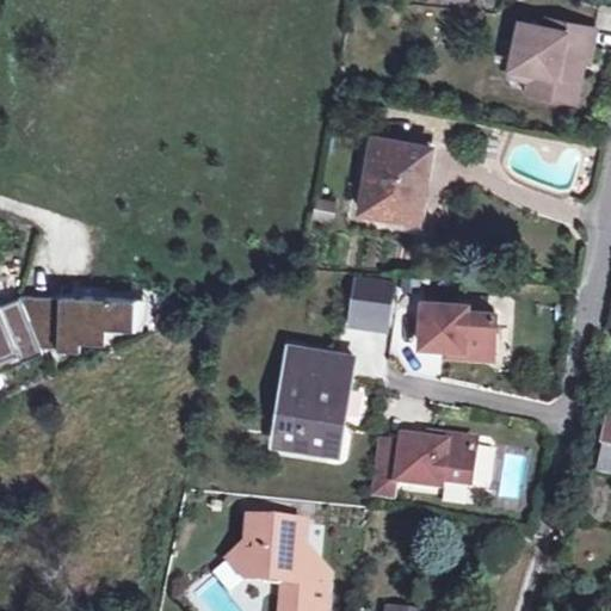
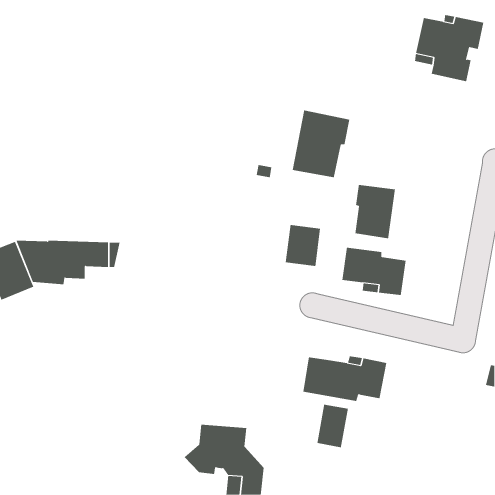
building: none -> [355,184,395,239]
building: [273,347,354,450] -> none
building: none -> [317,404,348,448]

